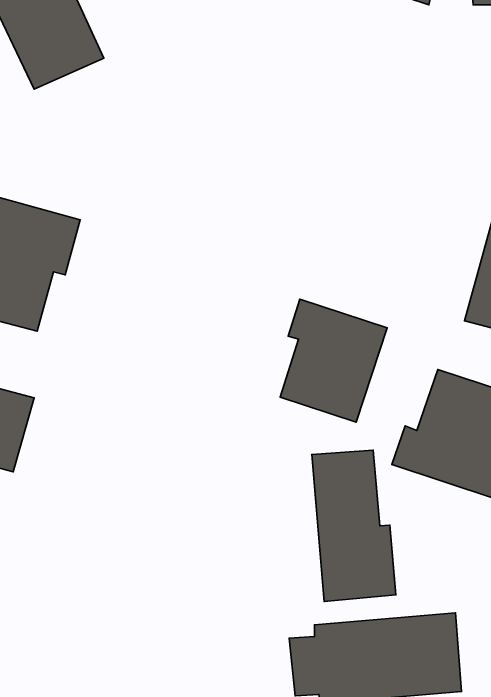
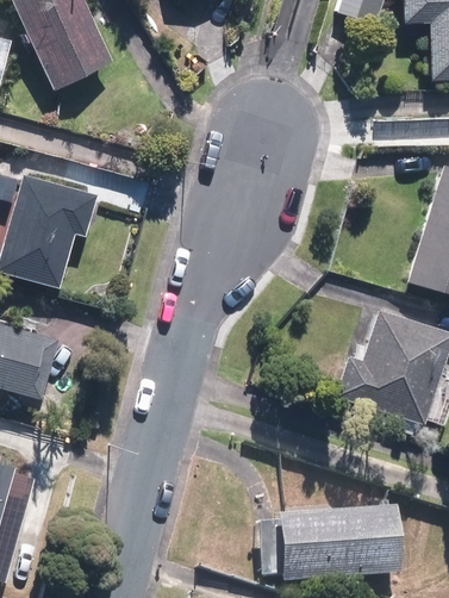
building: [280,299,387,422] -> none
building: [312,450,396,602] -> none

